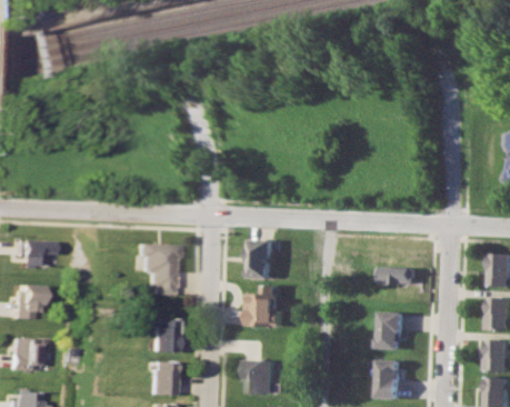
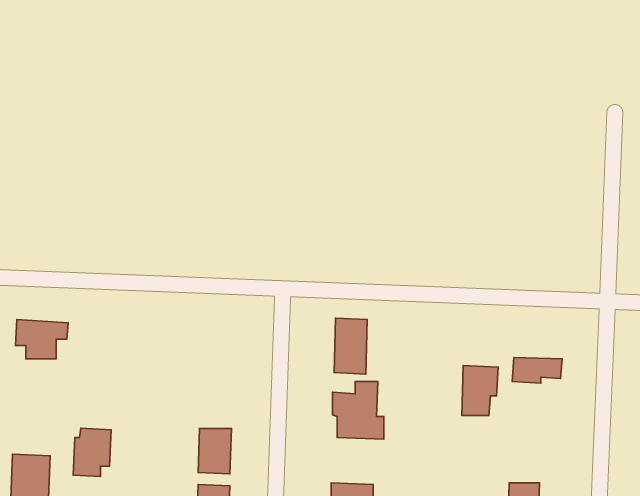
building: [134,241,174,294] -> none
building: [11,284,39,319] -> [73,428,111,477]
building: [378,310,404,347] -> [462,366,498,415]

